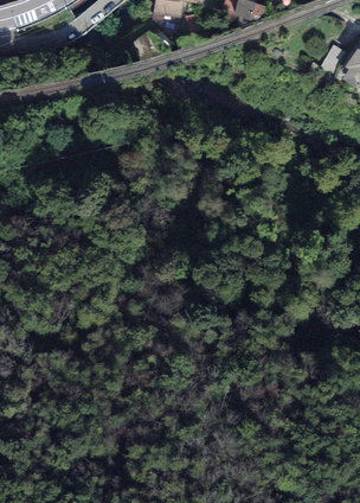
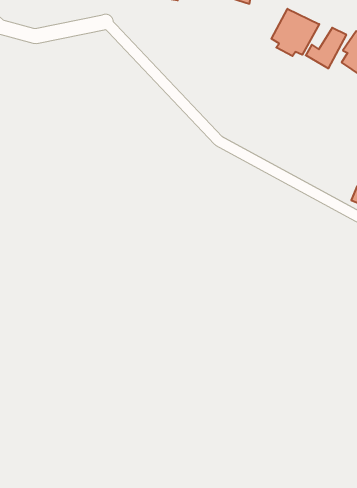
building: none -> [271,9,319,56]

